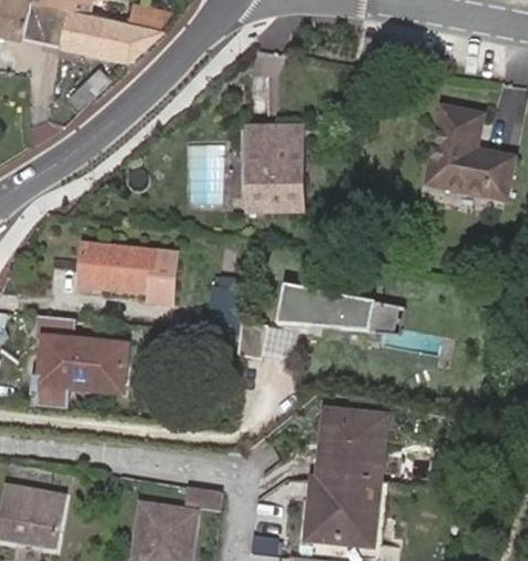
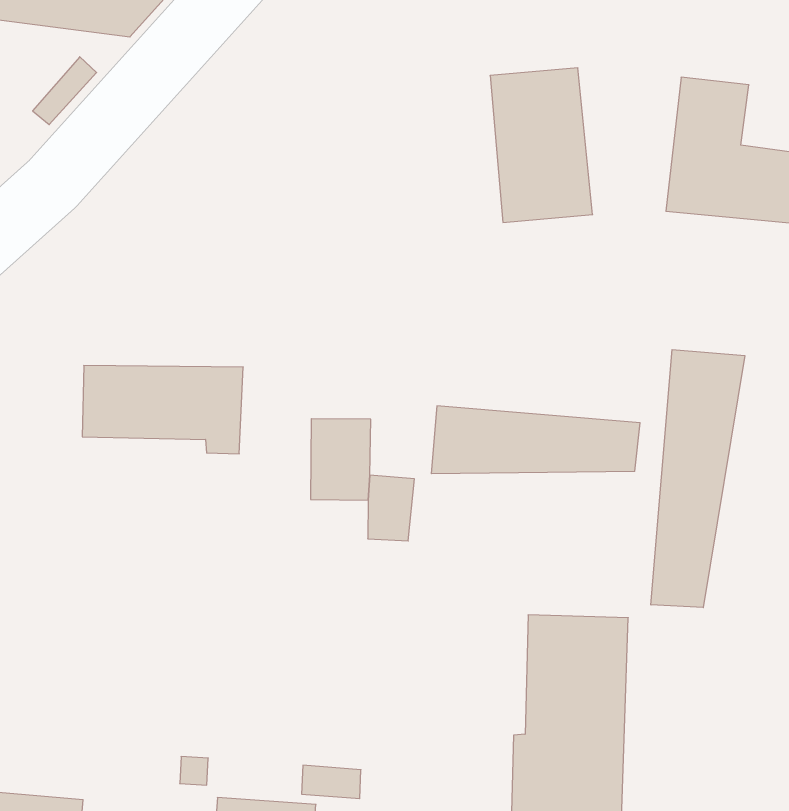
building: [248,126,301,212] -> [490,68,593,222]
building: none -> [651,350,745,608]
building: [31,314,125,409] -> none

